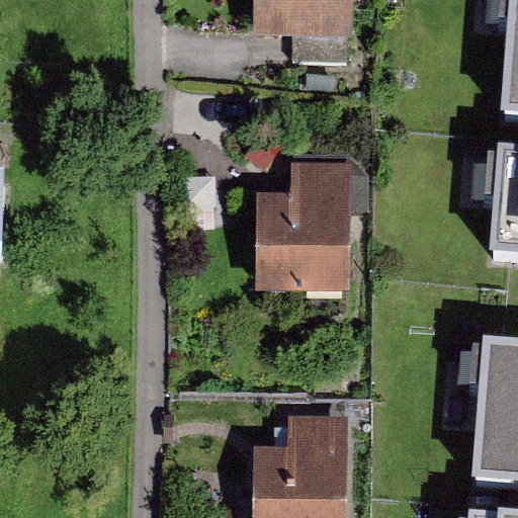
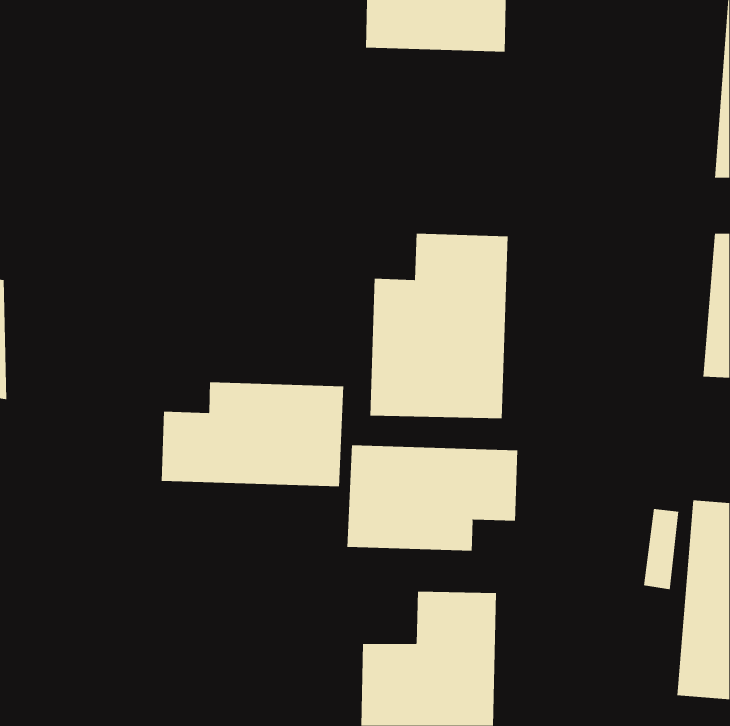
building: none -> [161,381,344,487]
building: none -> [347,444,518,552]

